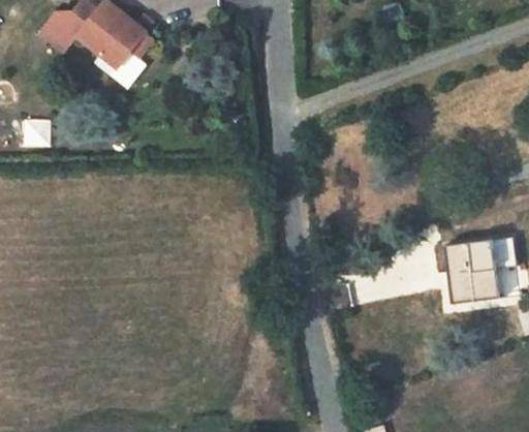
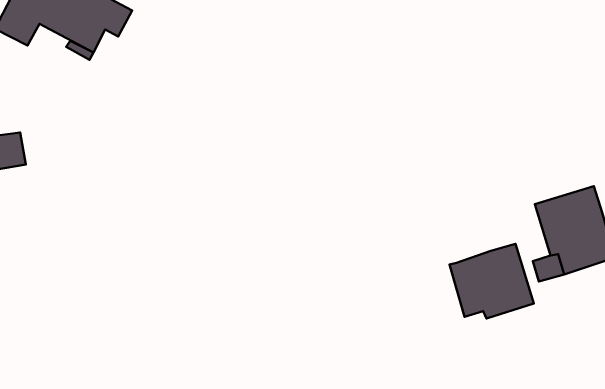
building: none -> [449,244,534,318]

